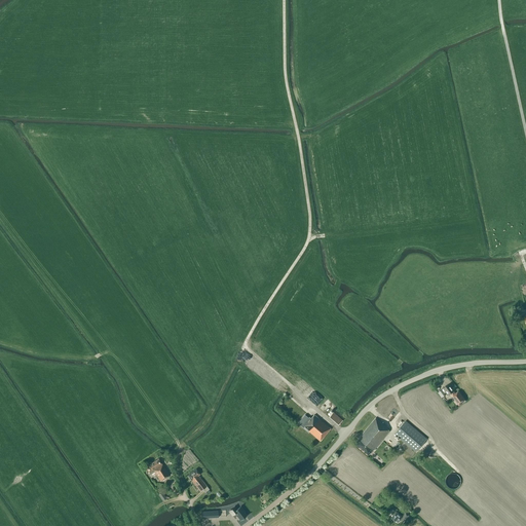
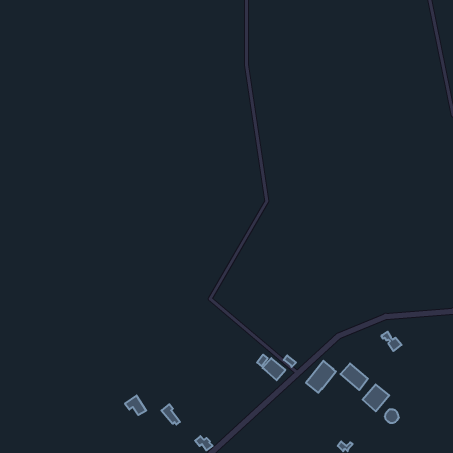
building: none -> [363,384,389,411]

